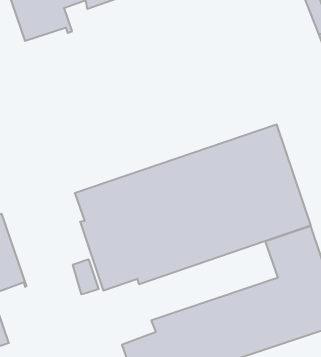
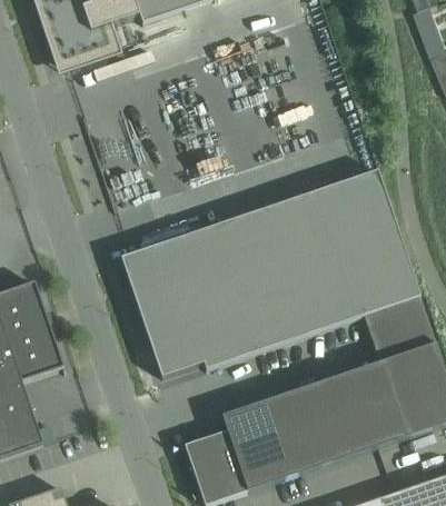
building: [73,259,99,294] -> none

